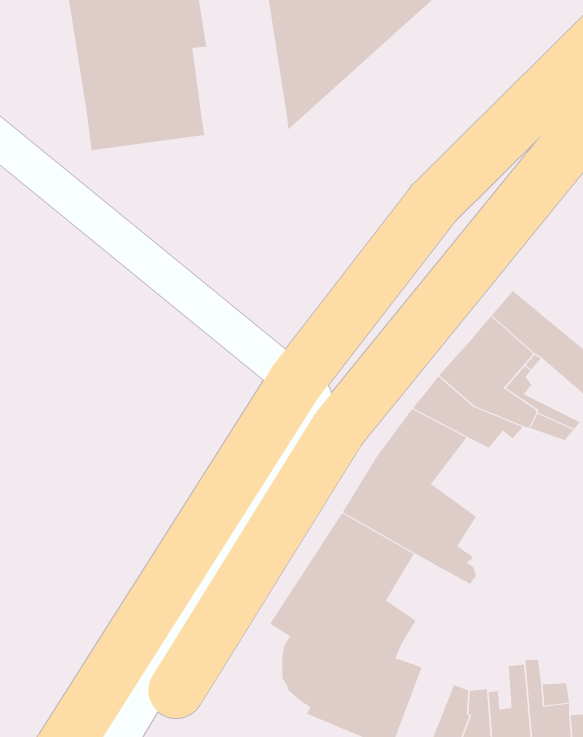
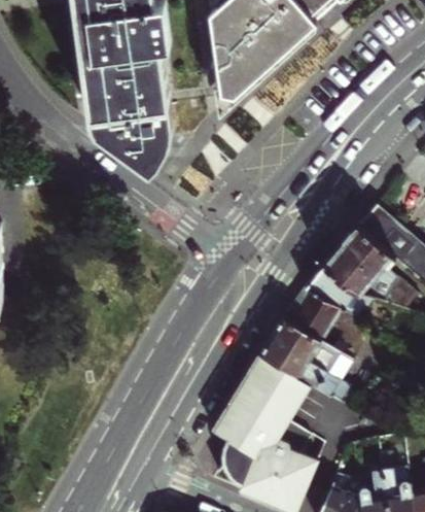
building: none -> [92,108,170,174]

